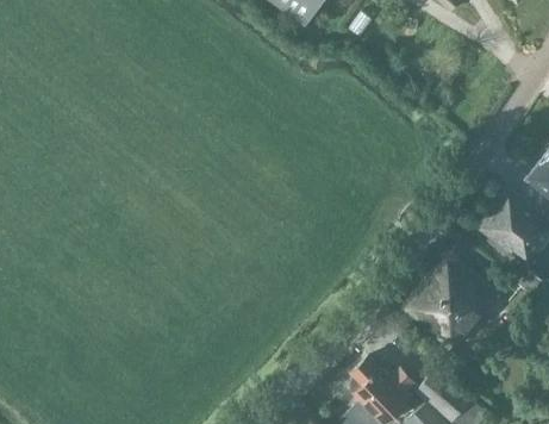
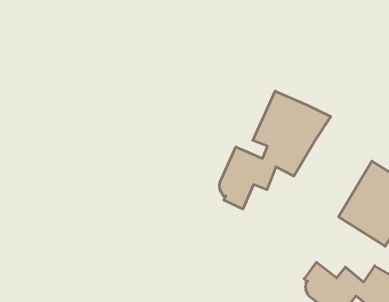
building: none -> [220,91,331,209]

